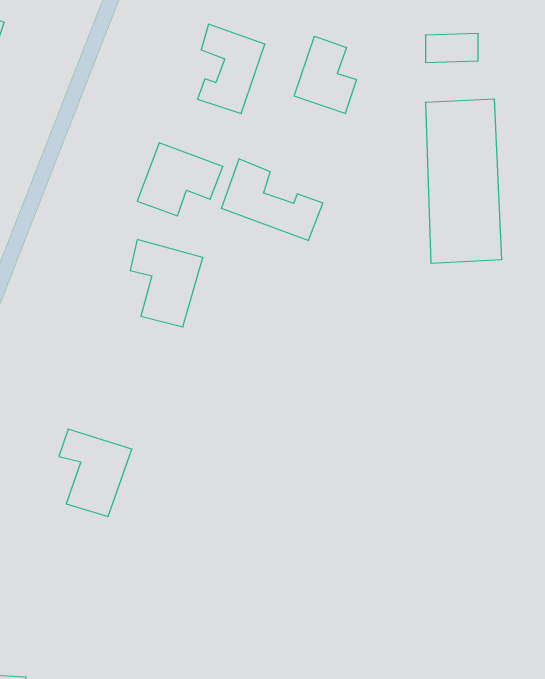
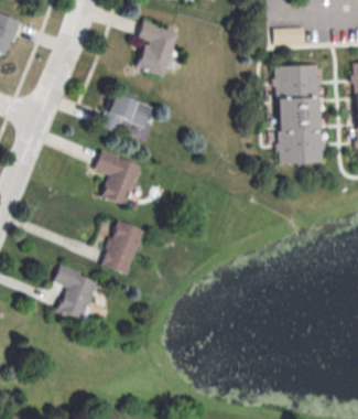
building: [294,36,356,114] -> none
building: [222,159,323,241] -> none
building: none -> [101,218,145,272]

